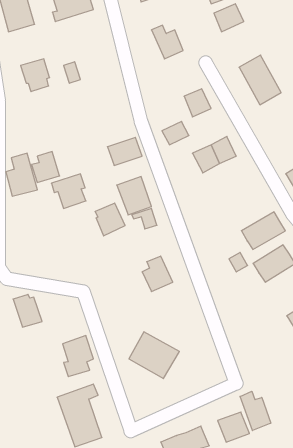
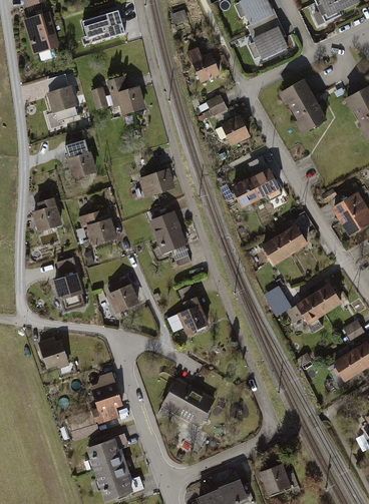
building: none -> [108,76,146,116]
building: [162,121,189,145] -> [200,94,229,119]
building: [32,152,60,182] -> [67,144,97,177]
building: [95,203,125,236] -> [107,278,139,313]
building: [241,212,285,249] -> [260,224,307,265]
building: none -> [53,273,83,300]
building: [240,391,271,431] -> none

